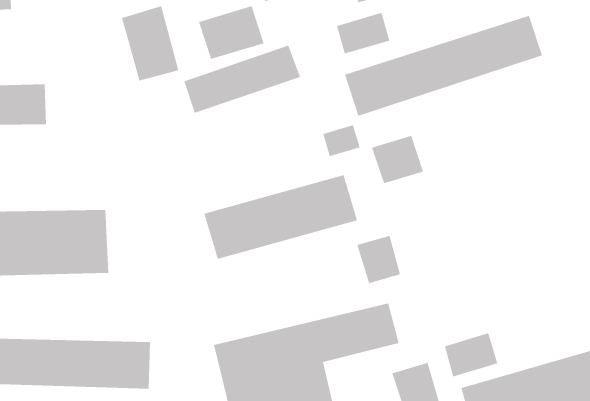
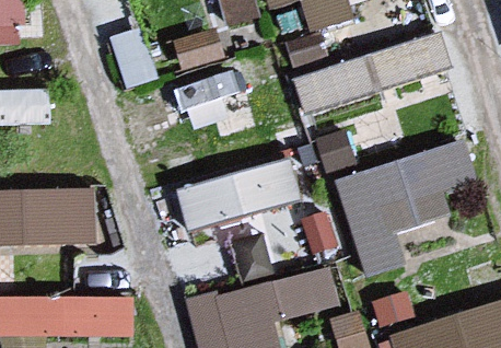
building: none -> [331,140,477,282]

